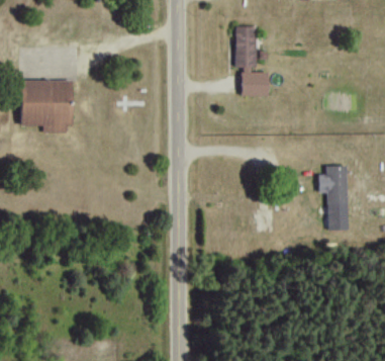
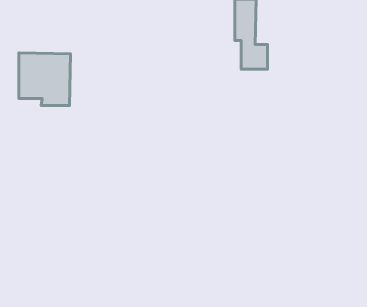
building: [319,165,349,230] -> none

